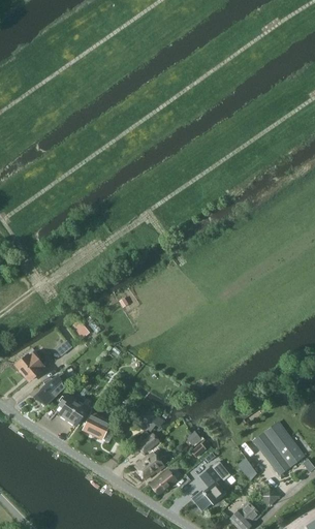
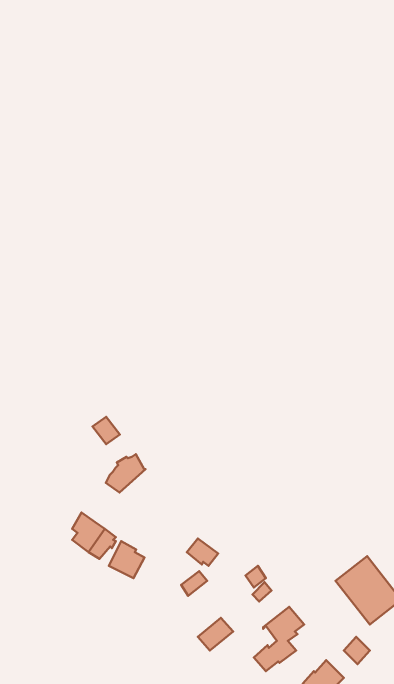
building: [15,354,41,380] -> none
building: [34,375,64,404] -> [106,454,146,492]
building: [133,453,162,479] -> none

